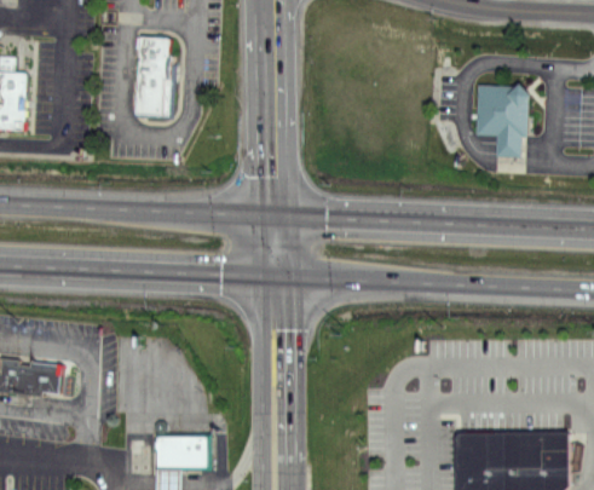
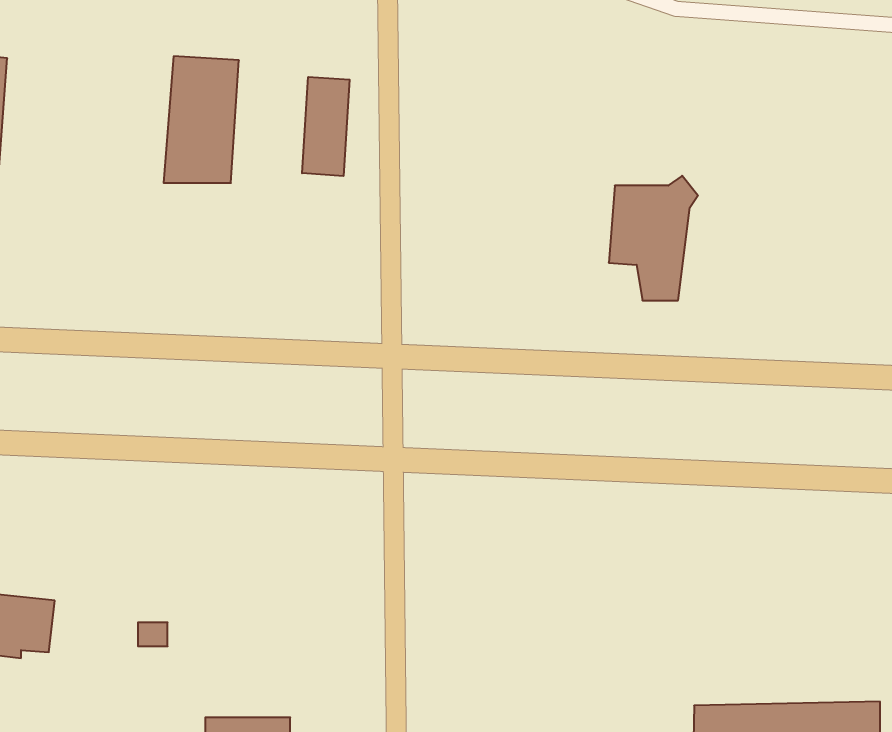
building: none -> [302,77,350,176]
building: [475,81,530,157] -> [609,176,698,300]

